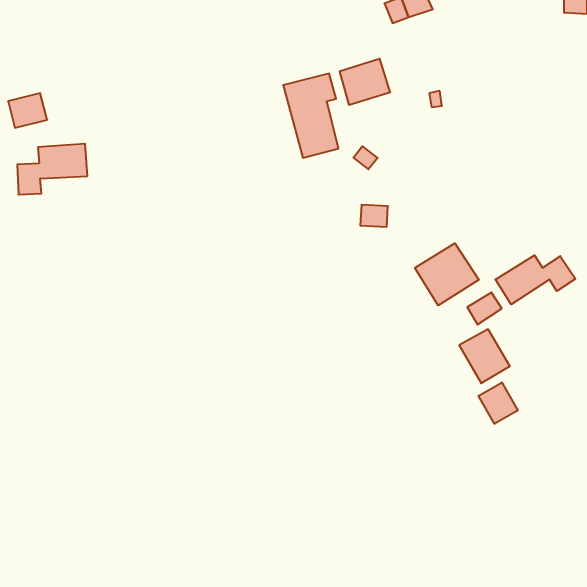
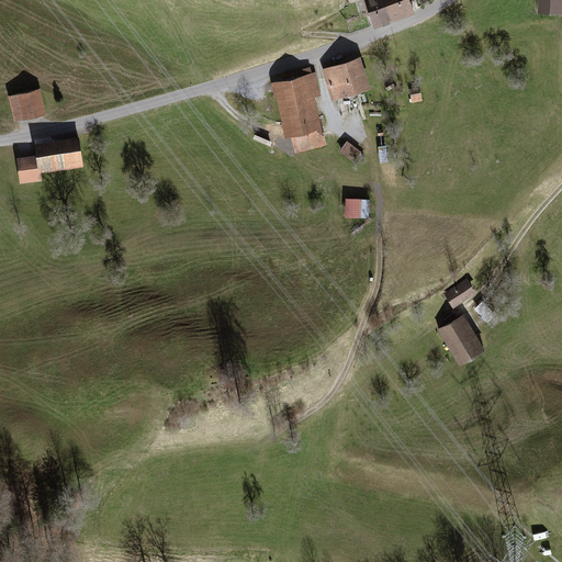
building: [415,243,479,305] -> none
building: [495,255,575,304] -> none
building: [479,382,518,424] -> none

